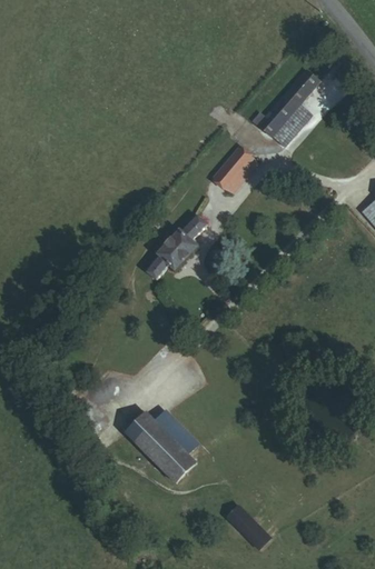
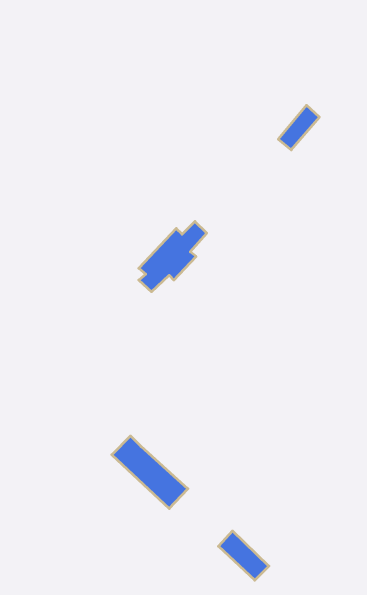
building: [260,67,325,132] -> none
building: [216,146,263,188] -> none
building: [149,411,194,455] -> none

